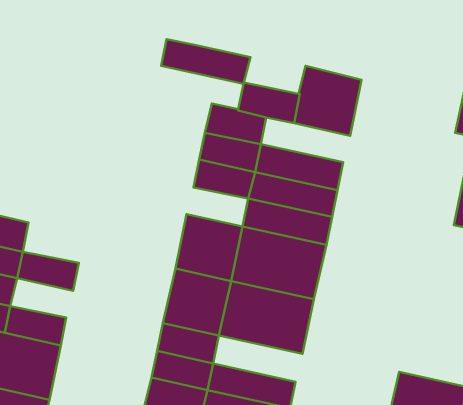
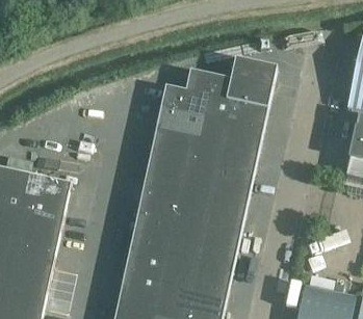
building: [161,39,251,84] -> [201,99,267,132]
building: none -> [146,151,191,180]
building: none -> [24,177,70,207]
building: none -> [15,218,61,247]
building: none -> [165,261,232,295]

